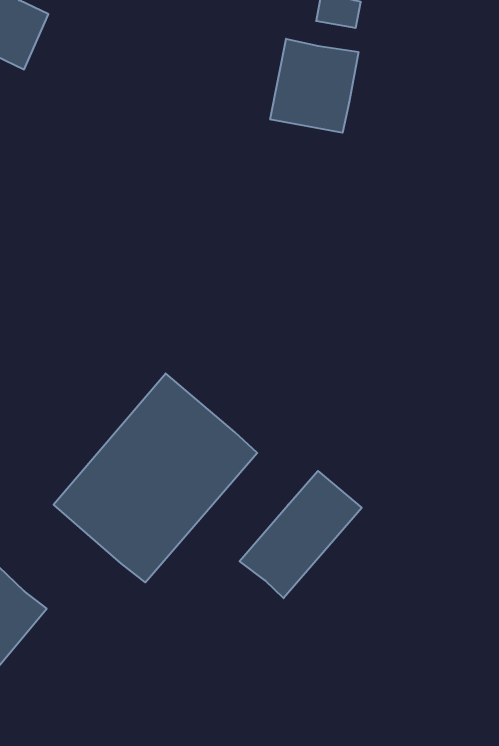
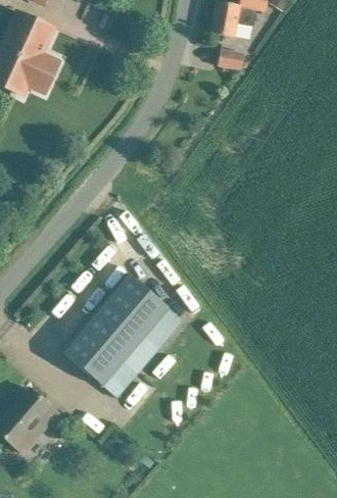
building: [270,39,358,133] -> none
building: [240,471,362,598] -> none

